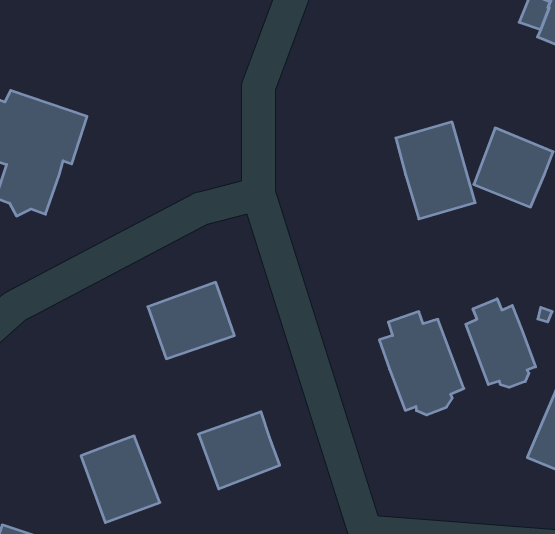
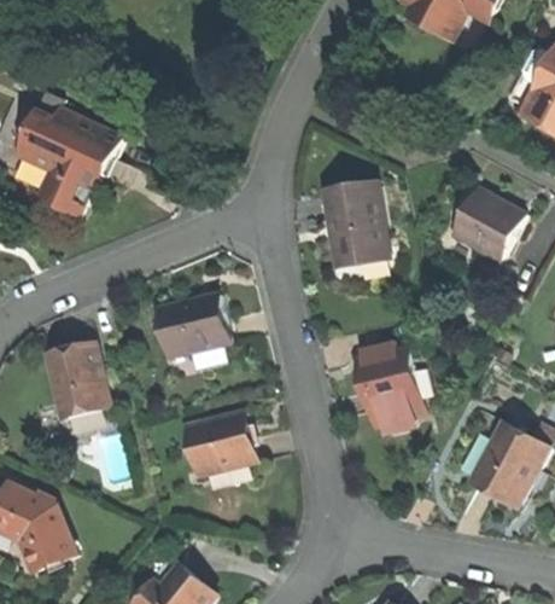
building: [396,122,475,219] -> [326,182,388,263]
building: [466,299,536,387] -> none
building: [81,436,160,523] -> [45,343,109,416]

